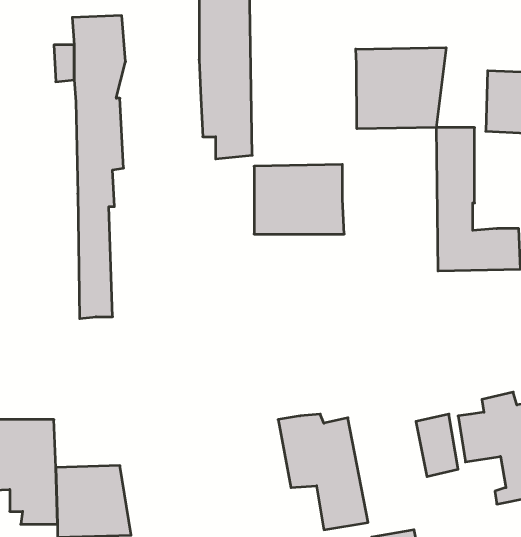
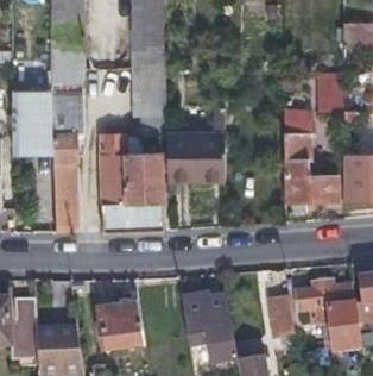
building: [356,48,446,129] -> none
building: none -> [11,93,52,153]
building: none -> [99,134,164,232]
building: none -> [99,305,146,351]

